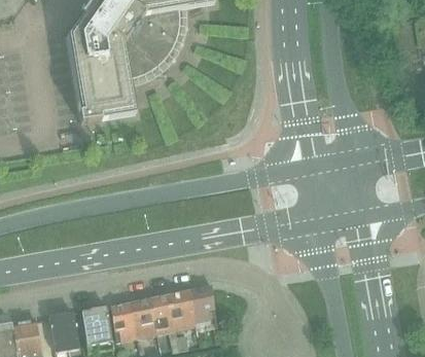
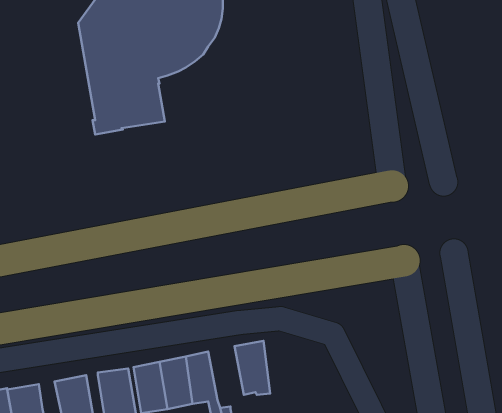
building: [169,289,197,331] -> none

